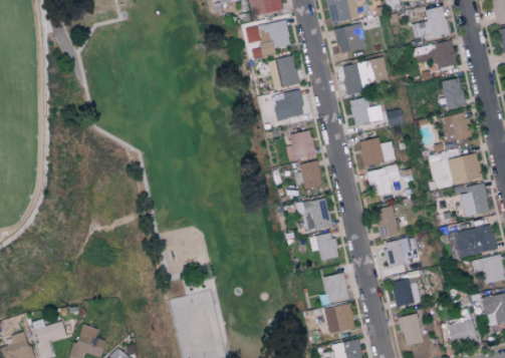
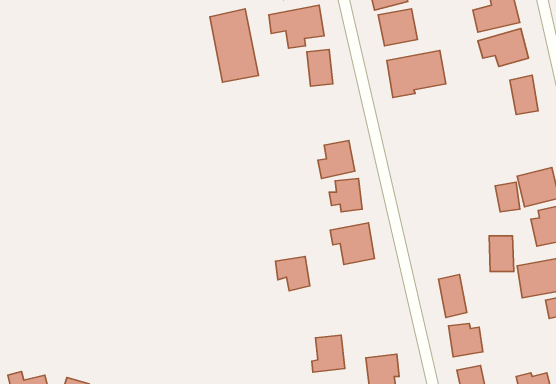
building: none -> [210,9,258,82]
building: [274,90,304,118] -> none
building: [350,97,384,124] -> none
building: [438,111,472,143] -> none
building: [359,137,396,165] -> none
building: [367,164,402,197] -> none
building: [376,208,397,237] -> [489,236,514,271]
building: [309,233,337,261] -> [276,256,310,291]
building: [320,274,347,304] -> [312,335,345,372]

